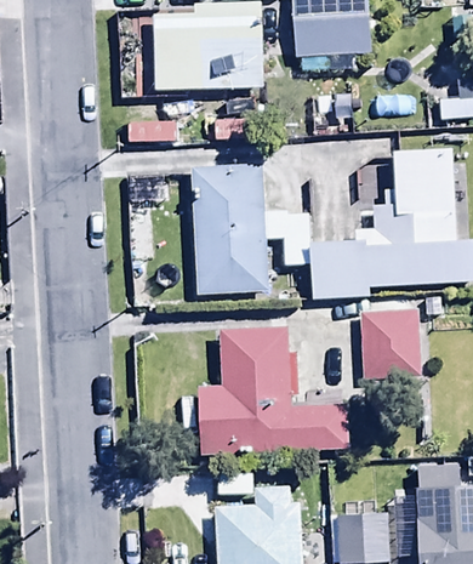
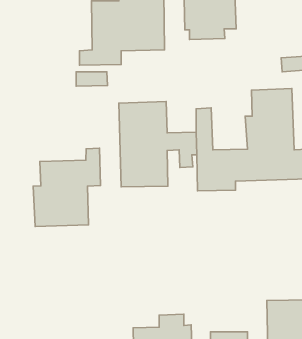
building: none -> [33,148,100,226]
building: [359,309,418,381] -> none
building: [196,325,349,454] -> none

